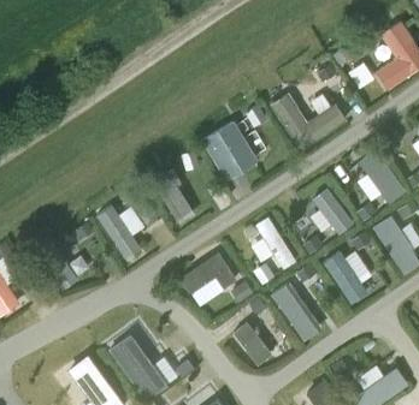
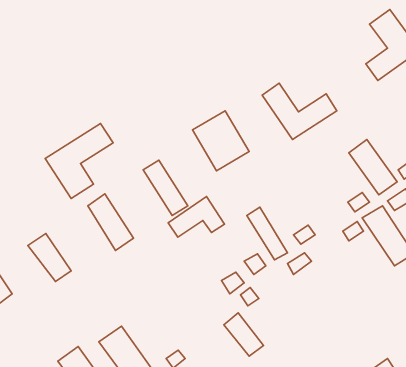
building: none -> [45,124,113,199]
building: [311,187,353,236] -> none
building: [321,251,367,304] -> none
building: [178,252,235,293] -> [168,196,225,237]
building: [270,282,320,341] -> none

